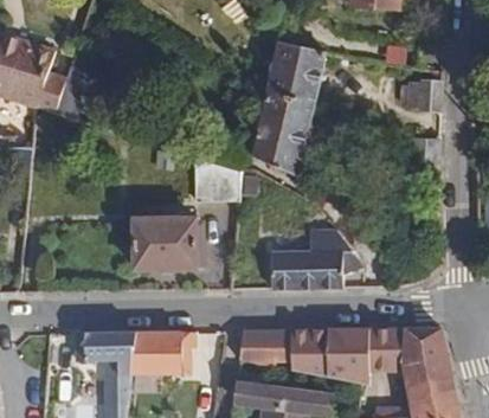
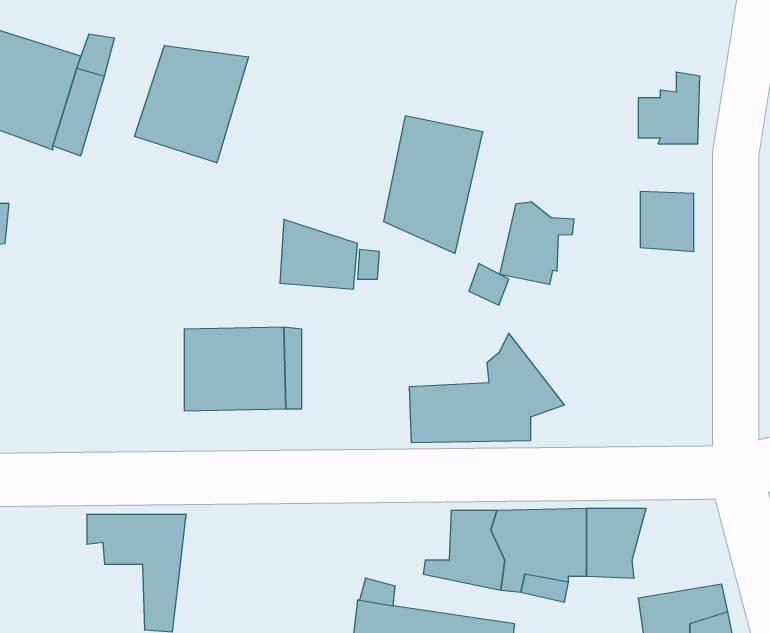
building: [265,44,322,104] -> none
building: none -> [135,45,249,163]
building: none -> [500,202,574,285]
building: [400,328,453,381] -> none
building: [239,329,292,367] -> none
building: [130,330,194,373] -> none

